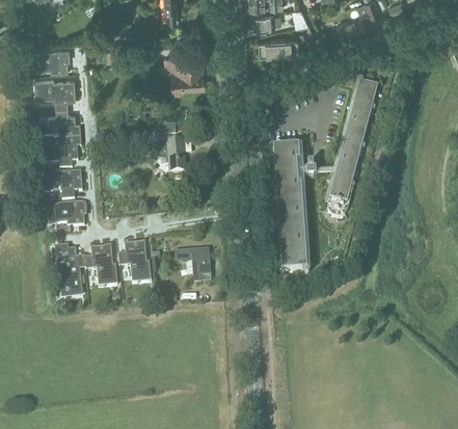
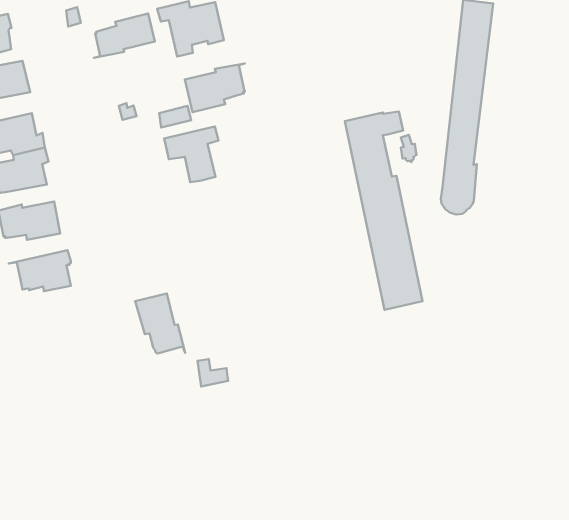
building: none -> [94,14,155,58]
building: none -> [185,63,245,112]
building: [90,245,117,285] -> none
building: [54,246,82,294] -> none
building: [174,248,210,281] -> none

